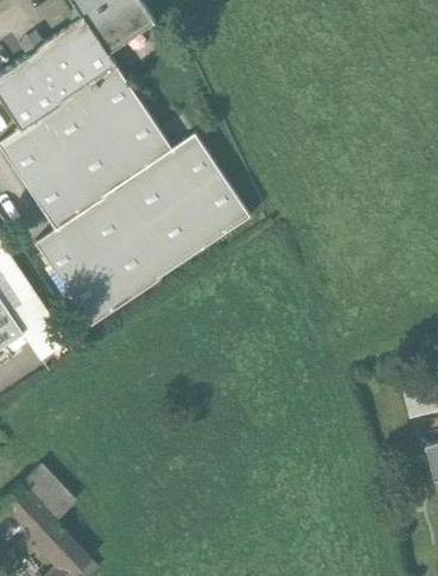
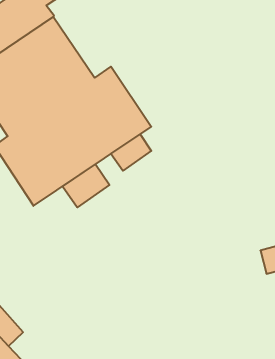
building: none -> [111,134,151,171]
building: none -> [63,164,109,207]

